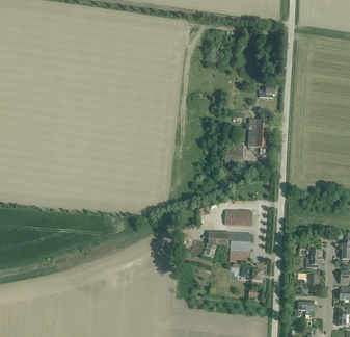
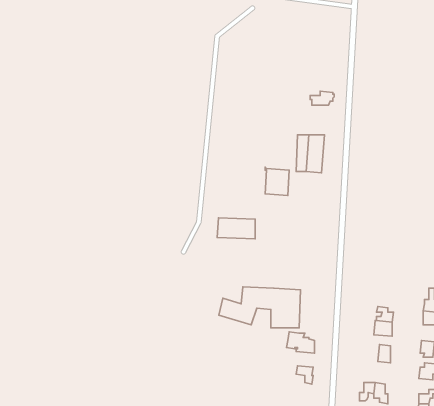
building: [223,209,251,225] -> [217,218,255,239]

